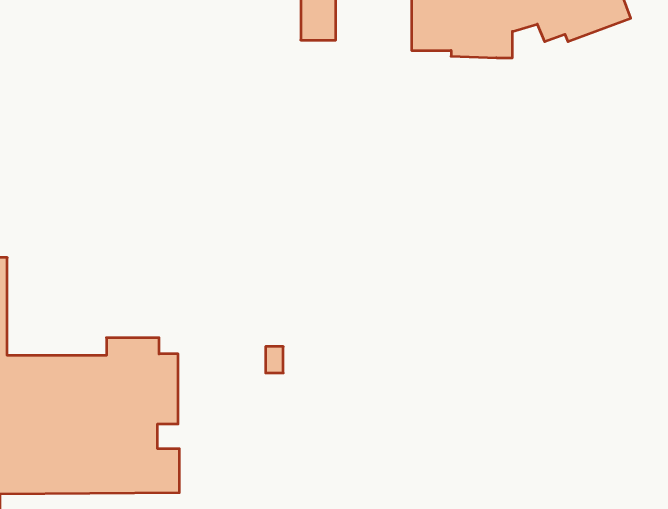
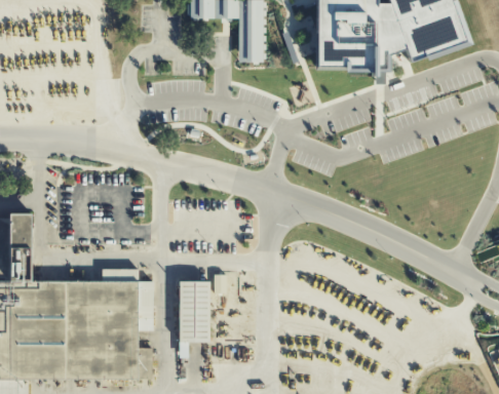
building: none -> [180,281,210,358]

